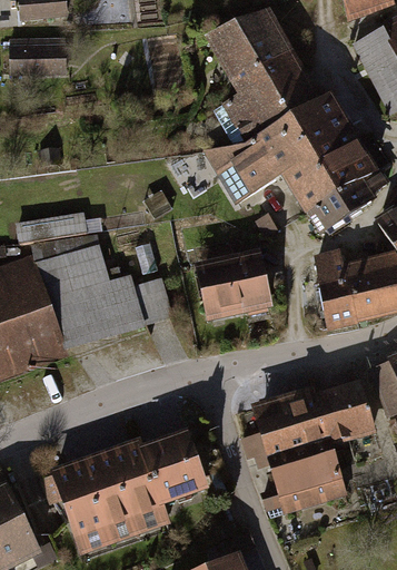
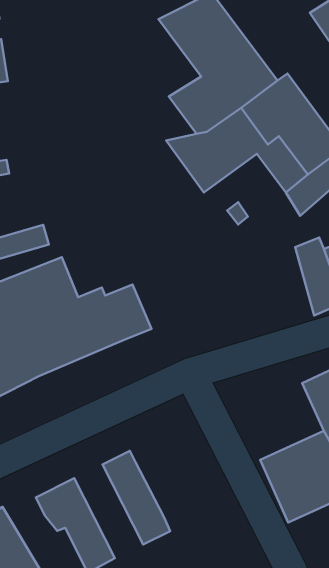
building: [189,255,269,327] -> none
building: [244,389,327,461] -> none
building: [148,433,206,501] -> none
building: [89,445,147,534] -> none

